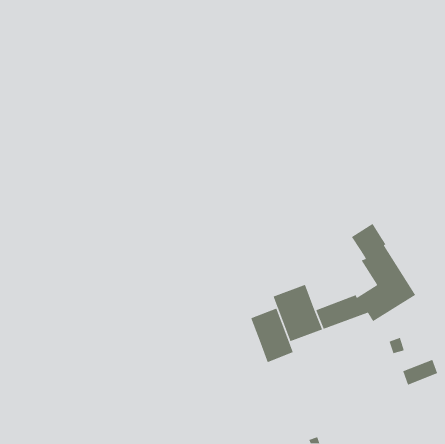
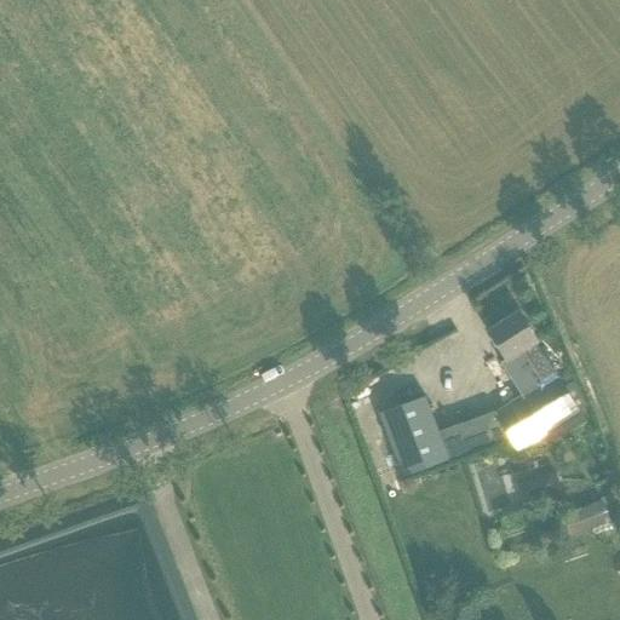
building: [250,307,294,363] -> none

